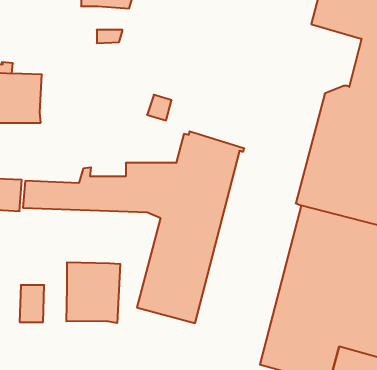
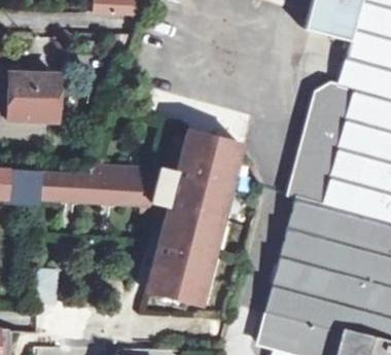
building: [66,262,120,323] -> none

